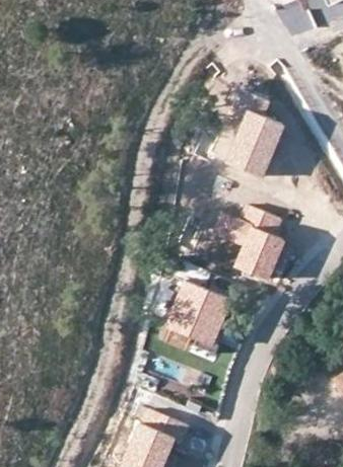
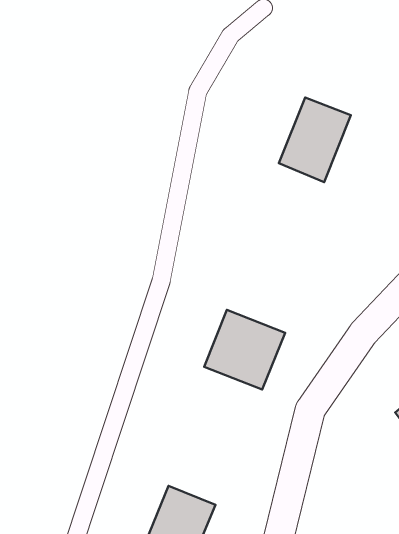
building: [224,206,285,281] -> none

